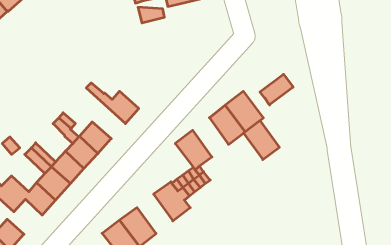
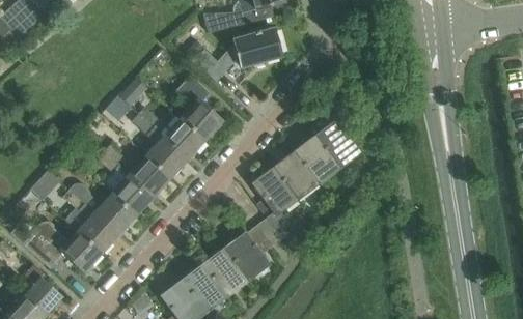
building: none -> [194,28,282,81]
building: none -> [108,75,150,117]
building: none -> [176,76,223,140]
building: [260,74,293,105] -> none
building: none -> [134,114,189,177]
building: [244,121,279,160] -> [273,151,318,200]
building: none -> [203,246,248,295]

